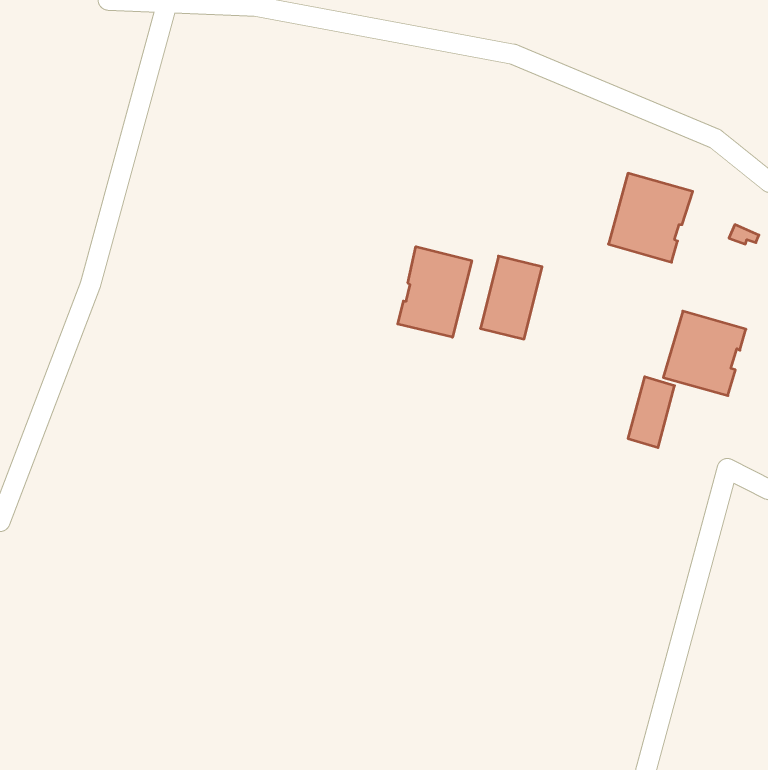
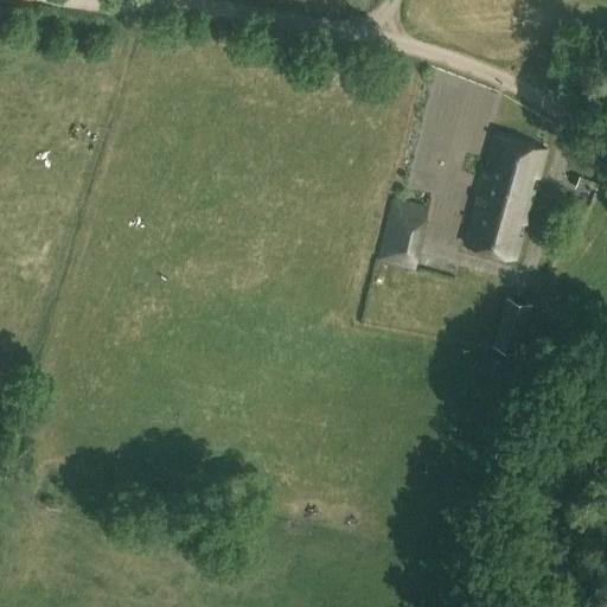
building: [398,247,472,337] -> none
building: [663,311,746,396] -> [465,192,530,258]

